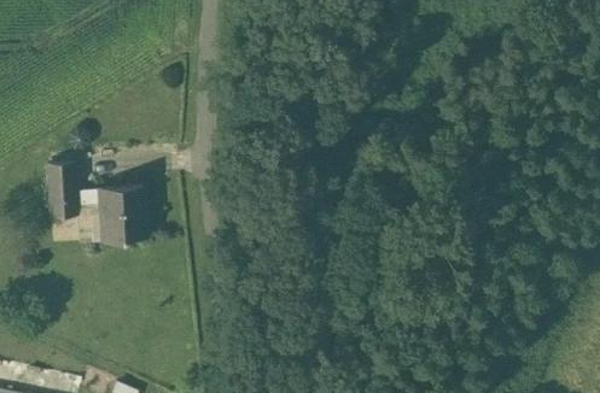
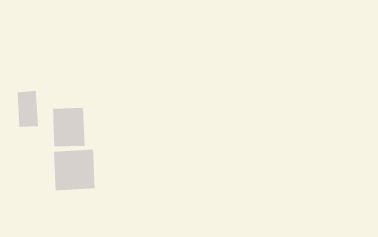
building: none -> [54,149,95,191]

